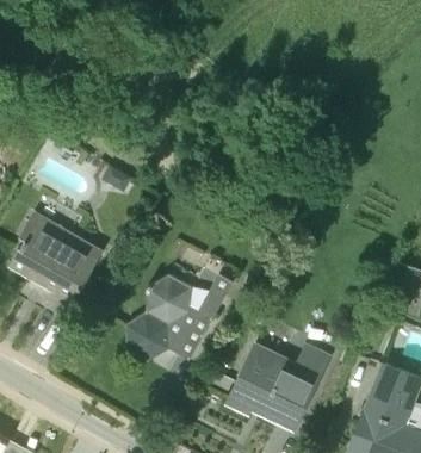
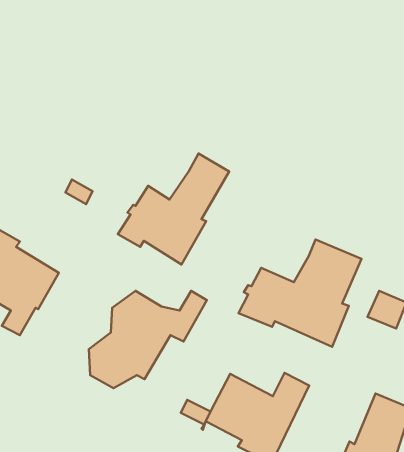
building: none -> [118,154,229,265]
building: none -> [239,239,362,347]

